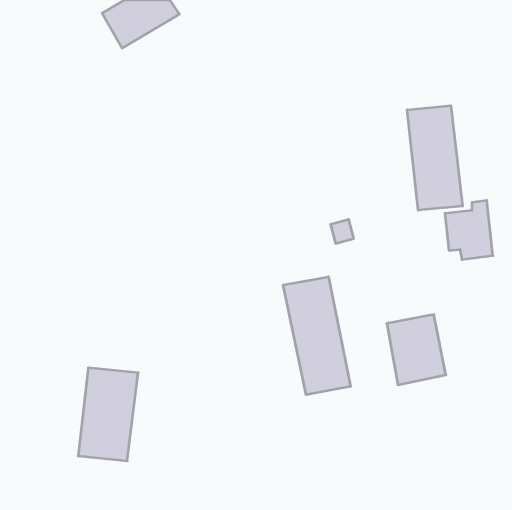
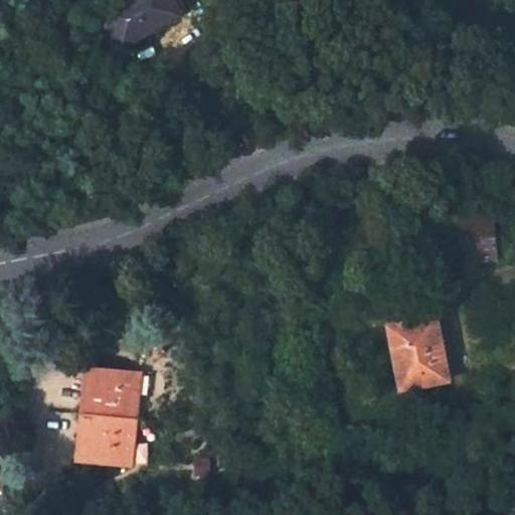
building: [407,106,463,210] -> none
building: [283,277,350,395] -> none

